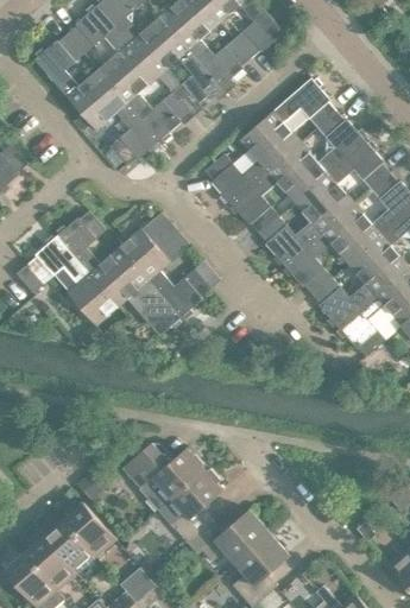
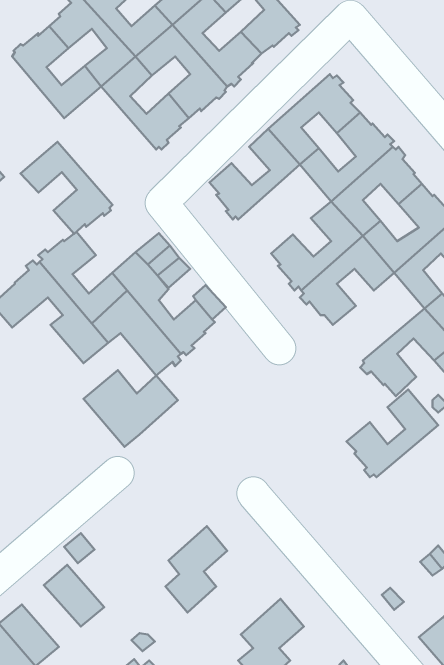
building: [78,87,158,166] -> [21,142,112,234]
building: [228,154,310,232] -> none
building: [311,248,391,324] -> [346,389,438,477]
building: [120,442,202,508] -> [83,370,178,447]
building: [185,508,266,562] -> none
building: [42,519,93,572] -> none

